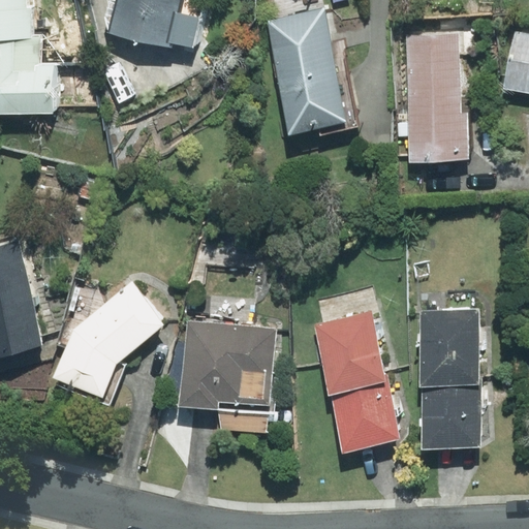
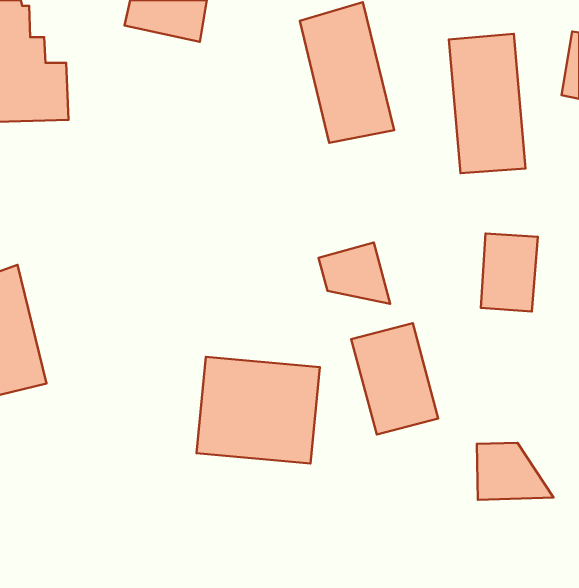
building: none -> [319,243,390,304]
building: [53,281,163,396] -> none
building: [423,318,473,387] -> [481,233,538,311]
building: [336,392,407,455] -> none

